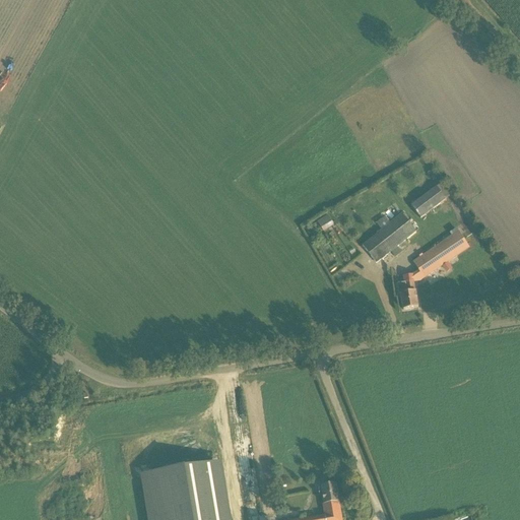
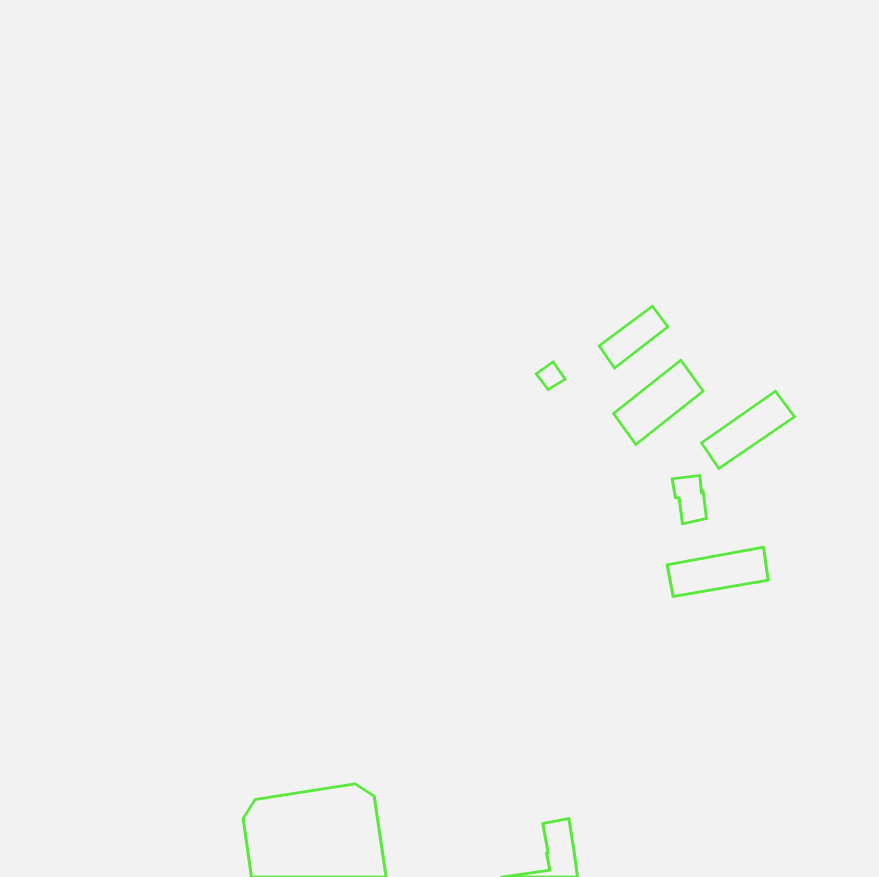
building: [410,181,451,217] -> [599,306,668,368]
building: none -> [667,547,768,596]

